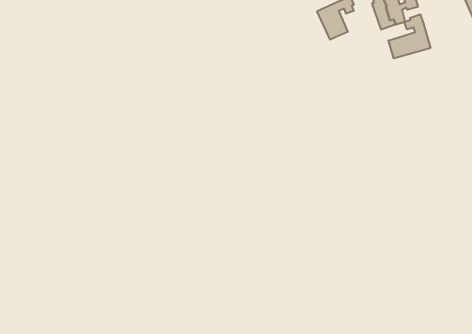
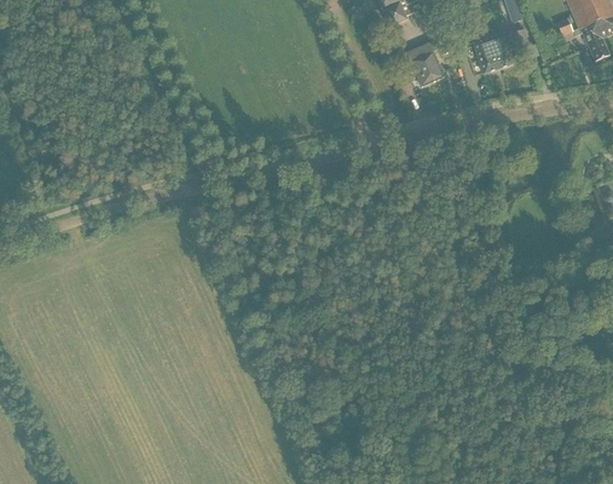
building: [388,14,430,58] -> none

